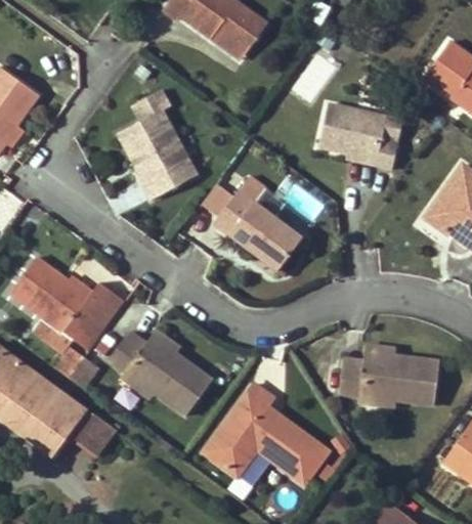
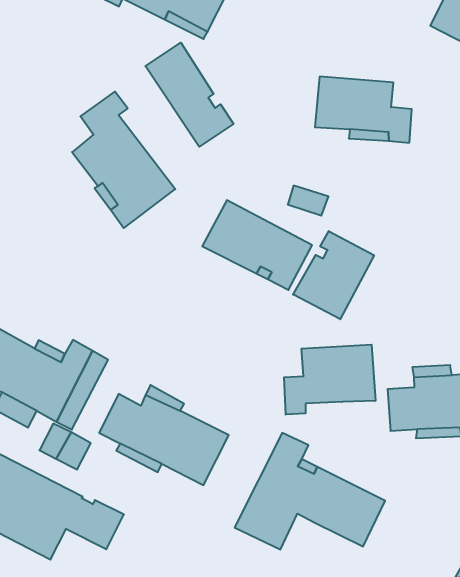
building: none -> [145,43,233,147]
building: none -> [293,231,374,319]
building: none -> [284,345,375,415]

